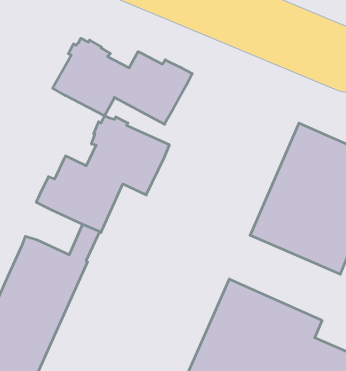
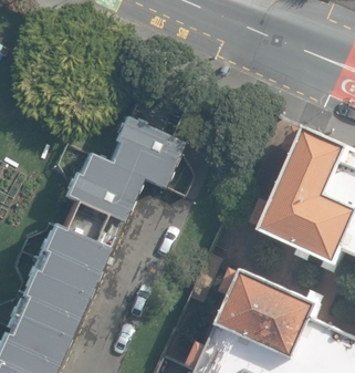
building: [53,38,192,124] -> none

